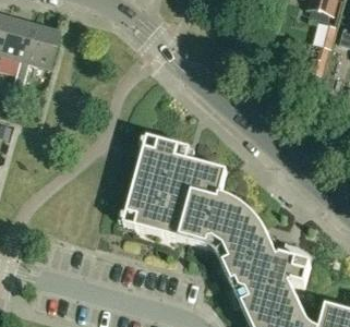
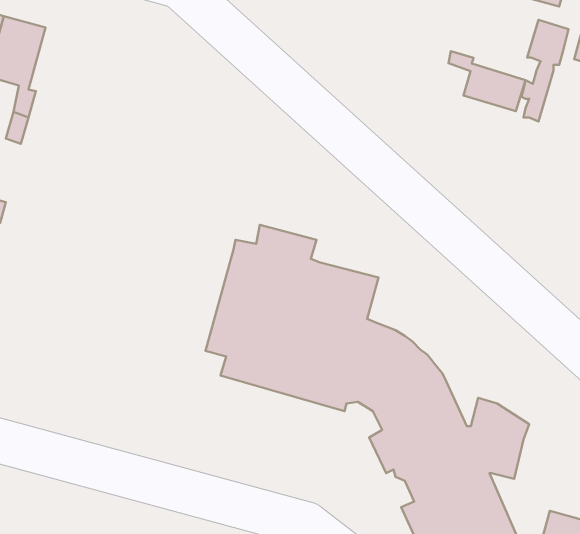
building: [24,25,58,68] -> none
building: none -> [448,51,525,111]

